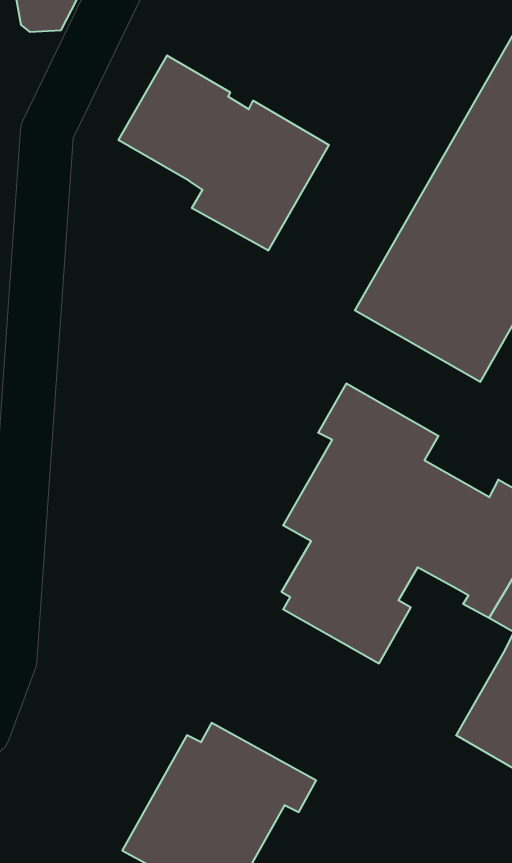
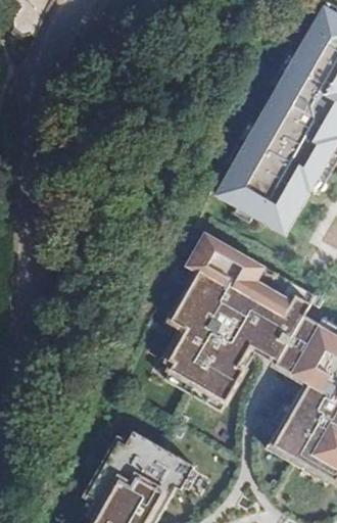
building: [119,55,329,251] -> none

